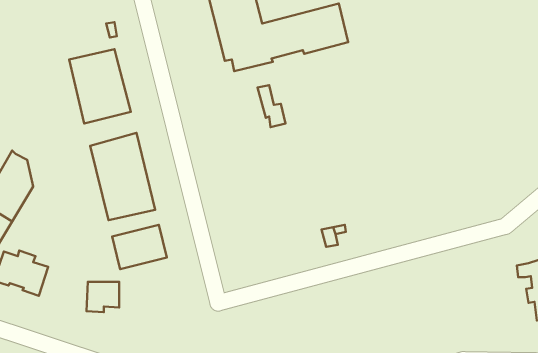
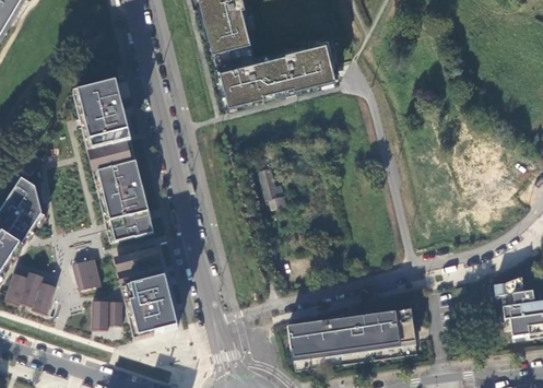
building: [258,85,286,127] -> [259,168,285,208]
building: none -> [87,140,137,172]
building: none -> [72,257,101,289]
building: none -> [121,277,176,336]
building: none -> [287,308,415,357]

